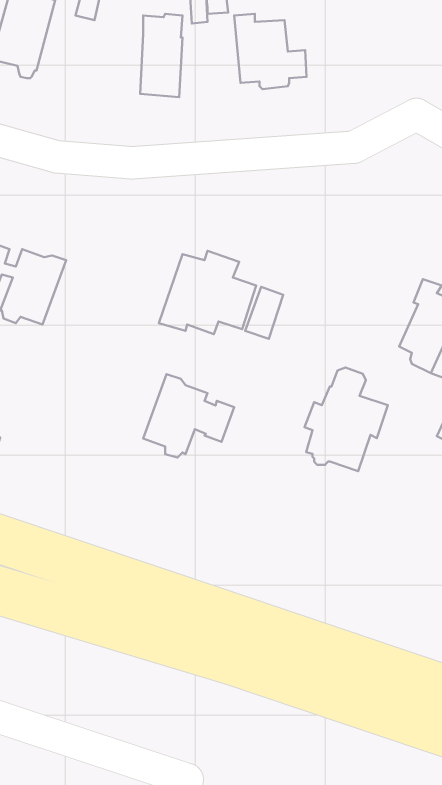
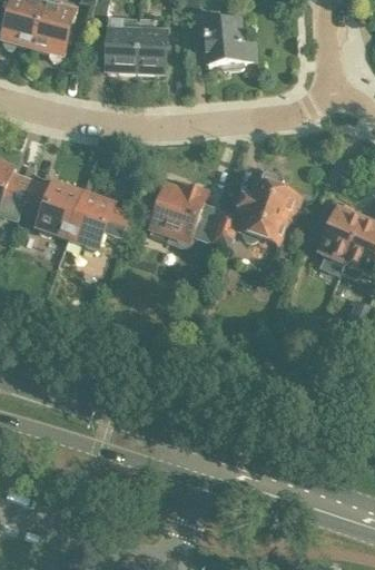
building: none -> [106,17,138,70]
building: [305,368,388,471] -> [238,167,297,240]
building: [143,374,234,457] -> [67,188,131,247]

